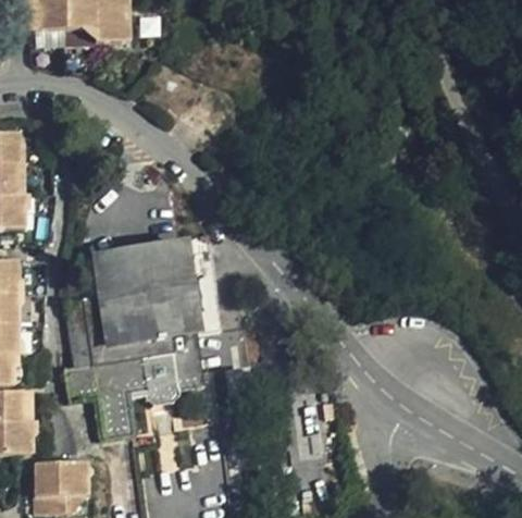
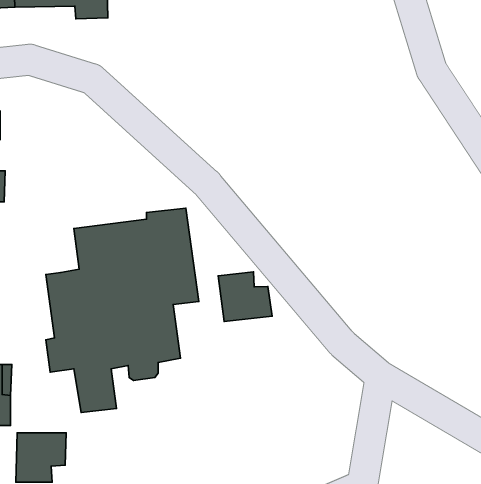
building: none -> [218,272,272,321]

